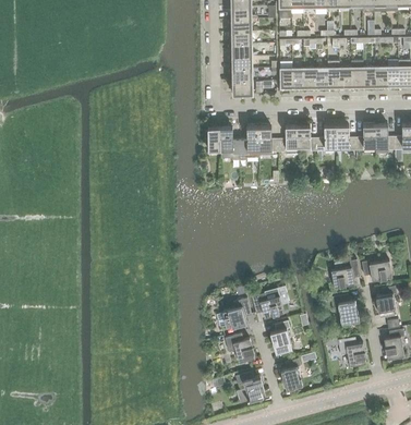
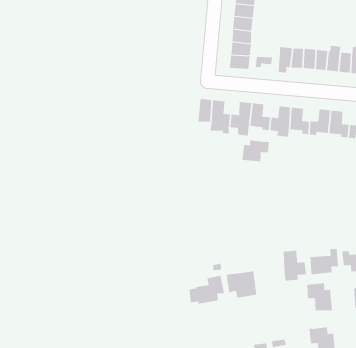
building: none -> [242,140,270,162]
building: none -> [283,250,306,281]
building: [269,319,291,351] -> none
building: [225,332,255,362] -> none

